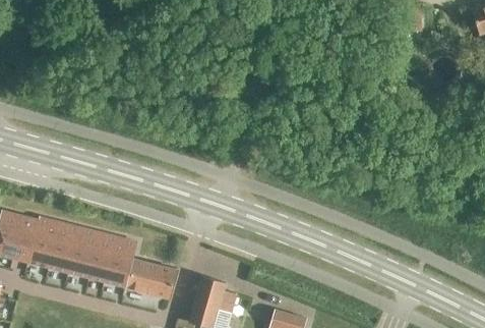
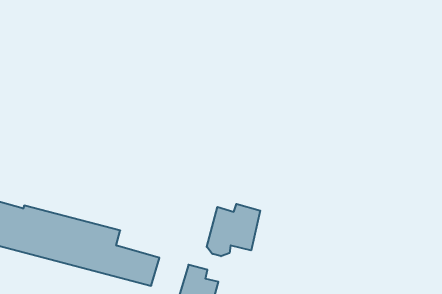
building: none -> [207,204,260,256]

